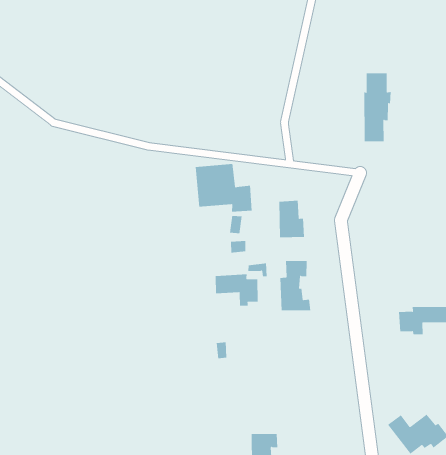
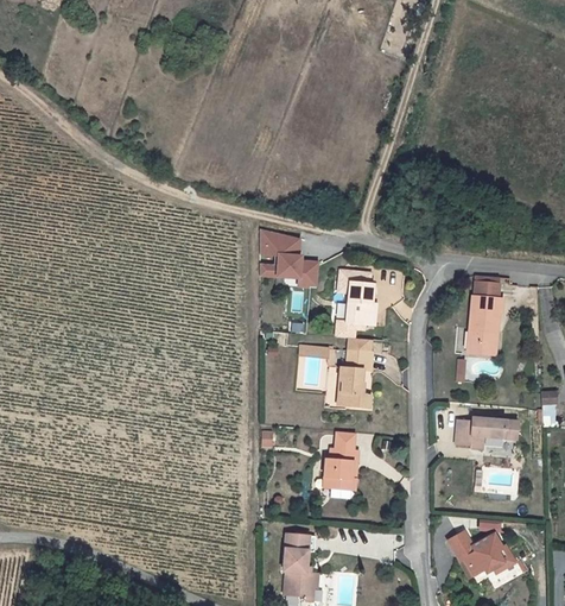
building: [364,73,392,142] -> [464,283,501,361]
building: [215,274,258,307] -> none
building: none -> [323,447,357,490]

